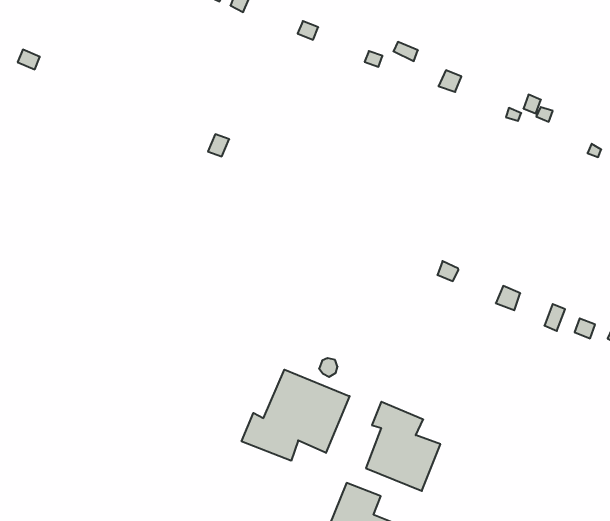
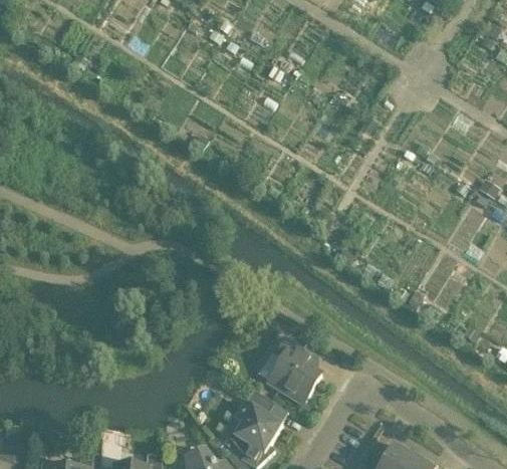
building: [242,370,350,461] -> none

